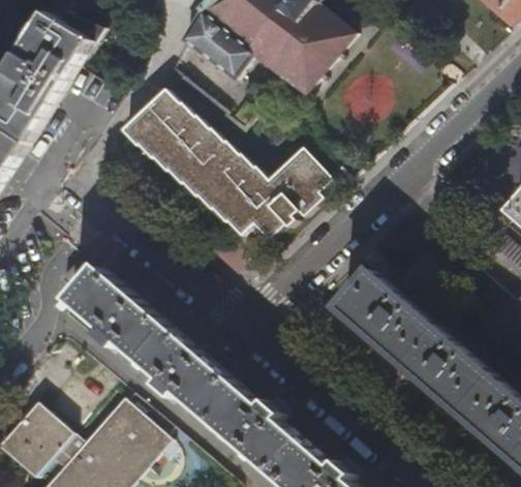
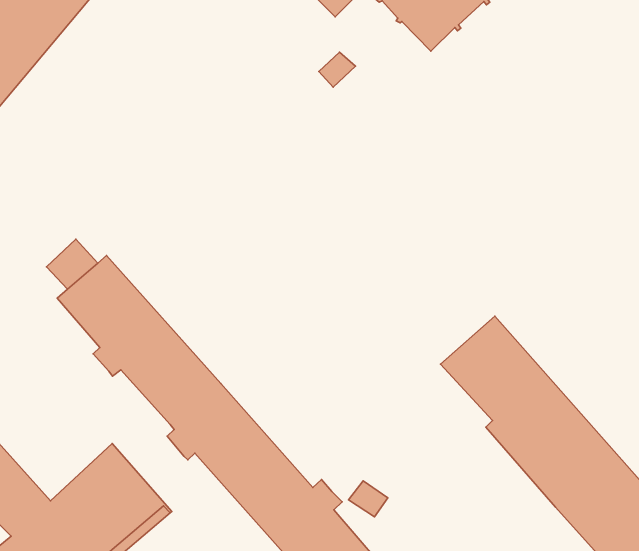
building: [125,90,332,240] -> none

